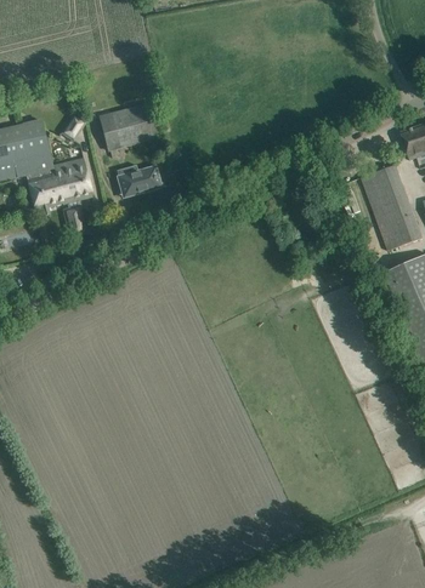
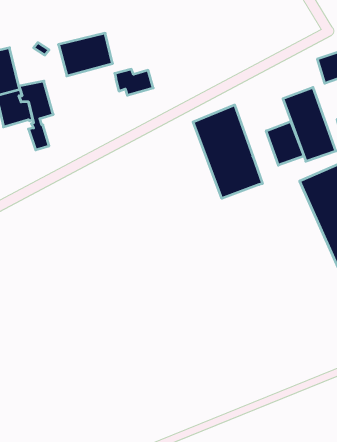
building: [117,164,162,194] -> [115,69,153,95]
building: none -> [193,105,262,198]
building: none -> [266,121,304,165]

